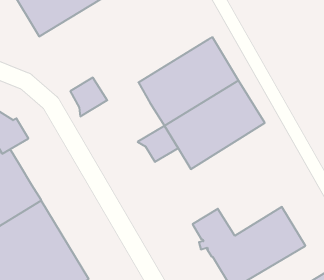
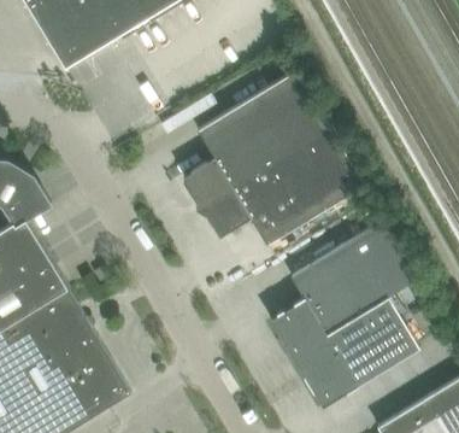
building: [70,78,107,116] -> [183,158,233,210]
building: none -> [290,218,422,335]

